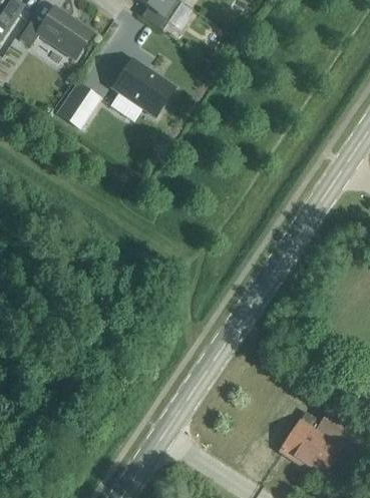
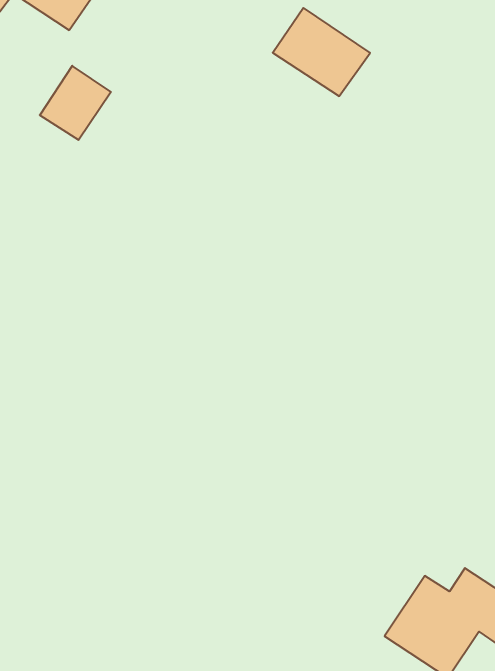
building: [112,59,175,116] -> [273,8,370,96]

